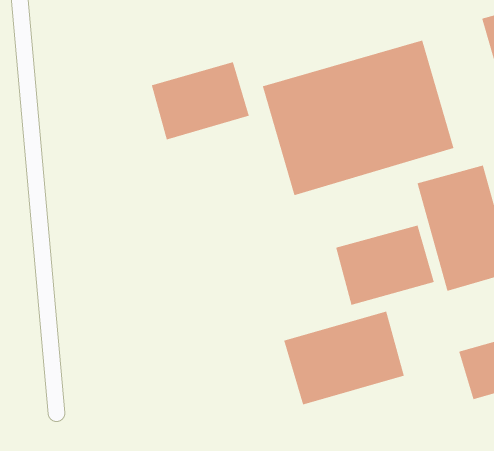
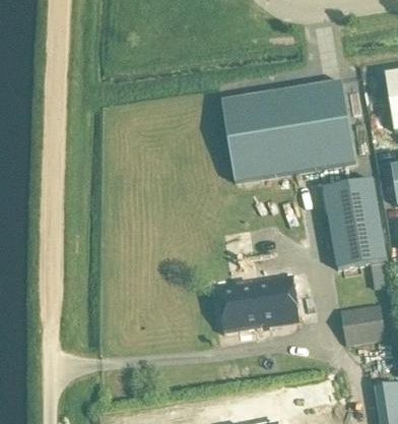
building: [151,61,250,140] -> none
building: [335,224,435,306] -> none

